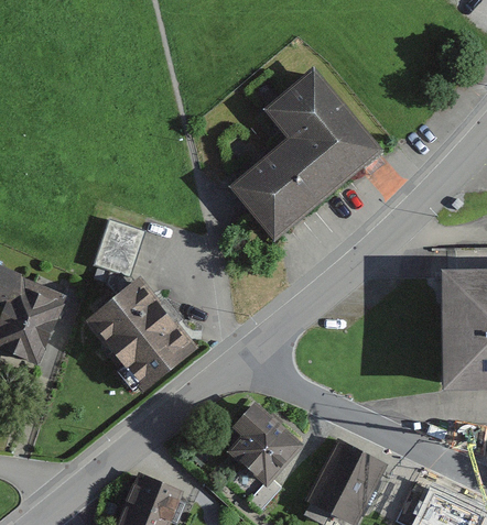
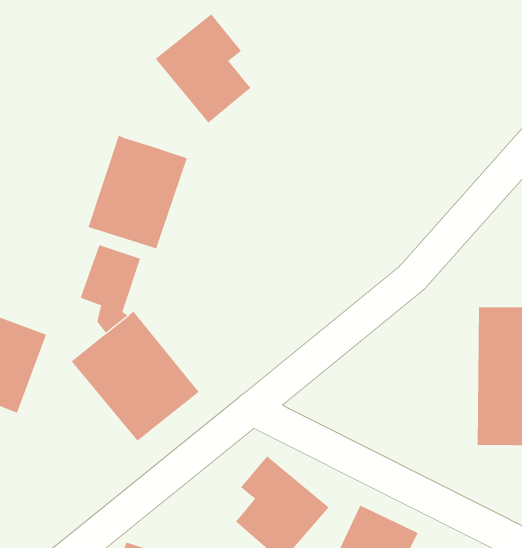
building: none -> [155,14,251,124]
building: [226,70,381,243] -> none
building: none -> [88,135,188,249]

